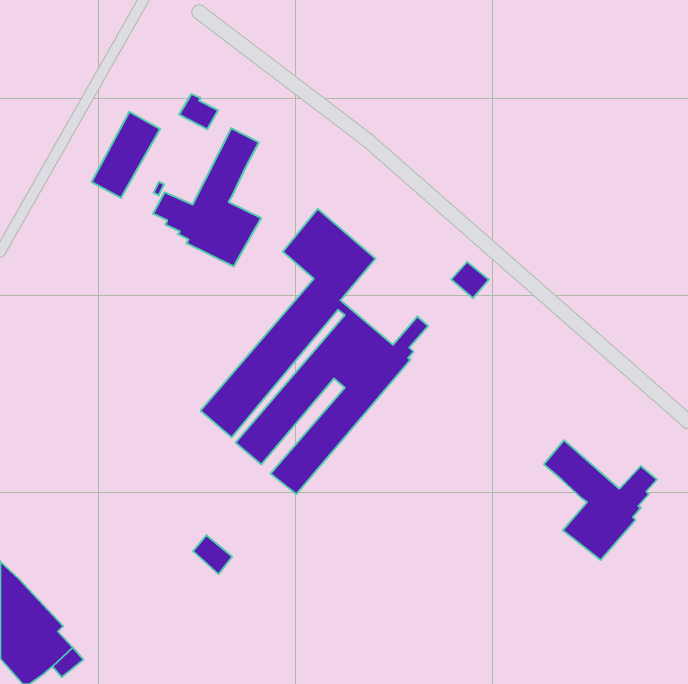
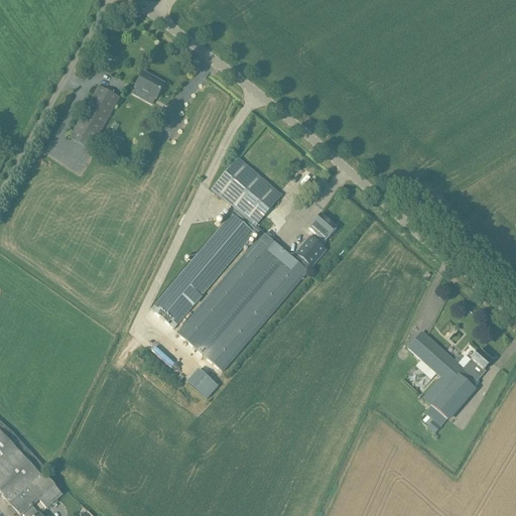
building: [153,128,261,267] -> none
building: [451,262,489,298] -> [308,213,337,240]
building: [193,535,232,574] -> [187,369,217,398]

